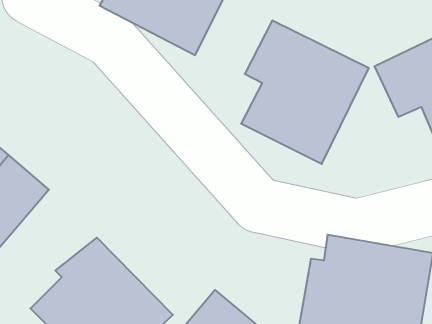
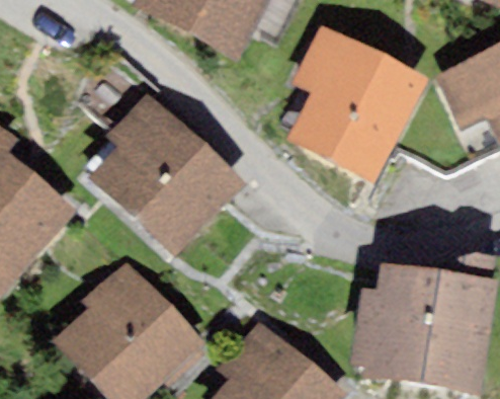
building: none -> [90,91,246,255]

